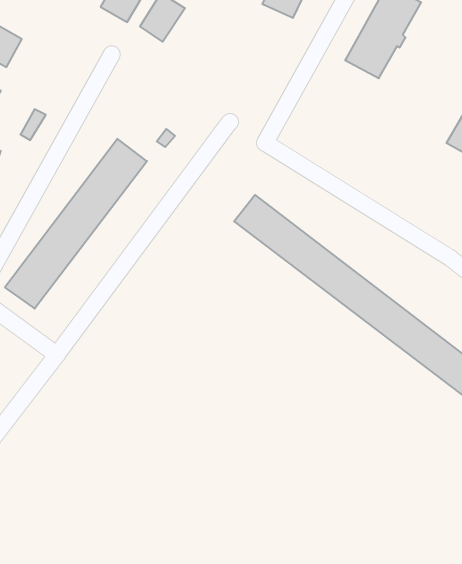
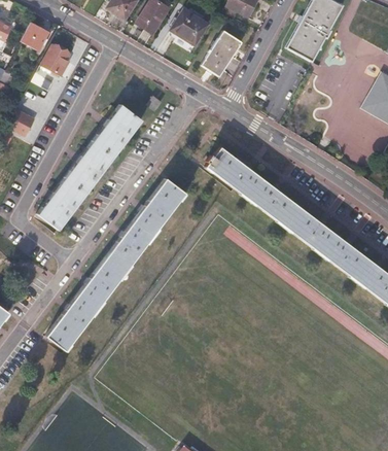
building: none -> [172,8,210,45]
building: none -> [202,30,243,76]
building: none -> [41,44,74,76]
building: none -> [46,178,185,351]

